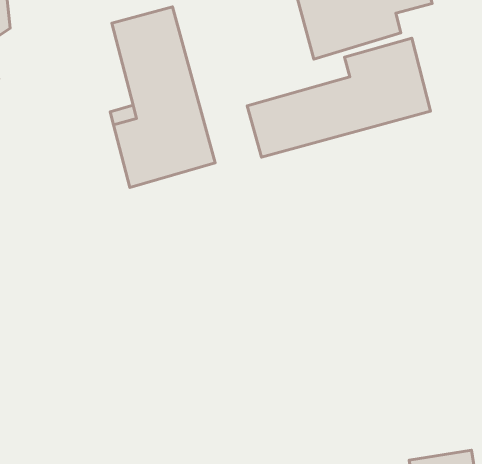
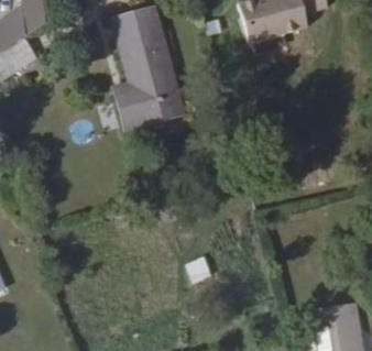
building: [247,38,430,157] -> none

